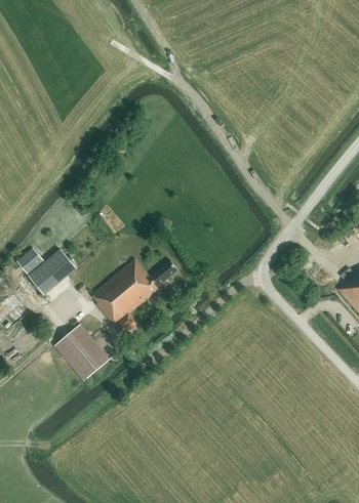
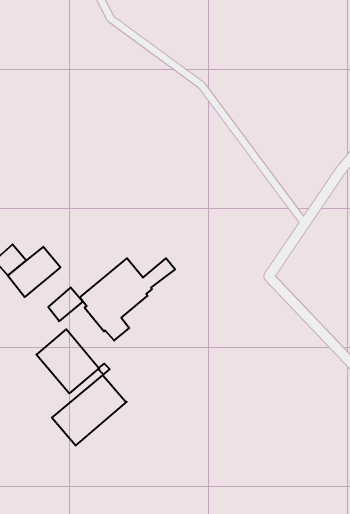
building: none -> [48,287,83,321]
building: none -> [52,375,127,446]

